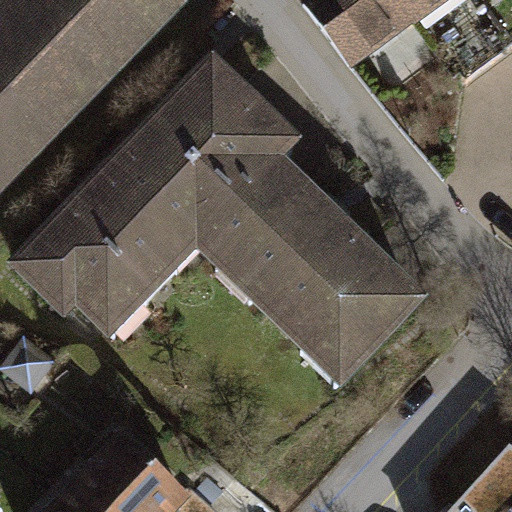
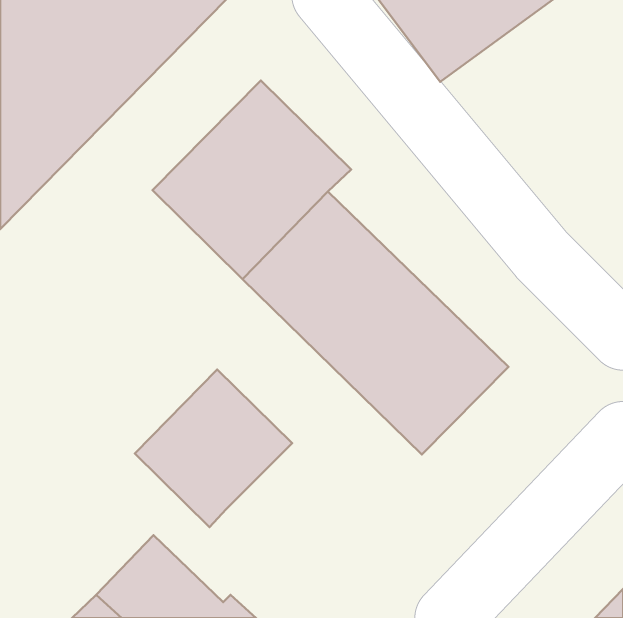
building: [16,156,199,325] -> none
building: none -> [135,370,292,527]

